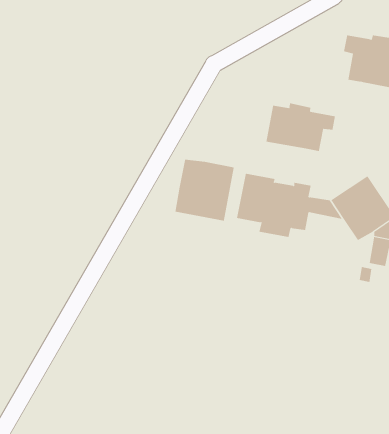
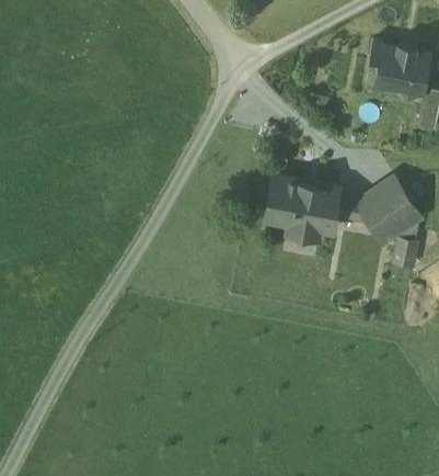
building: [266,103,335,152] -> none
building: [175,159,234,221] -> none

